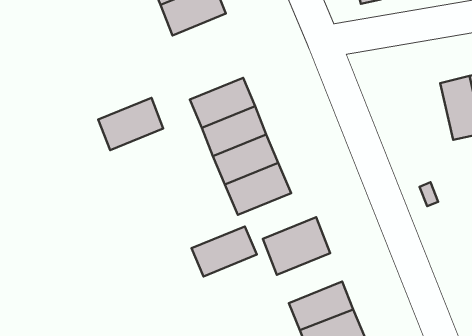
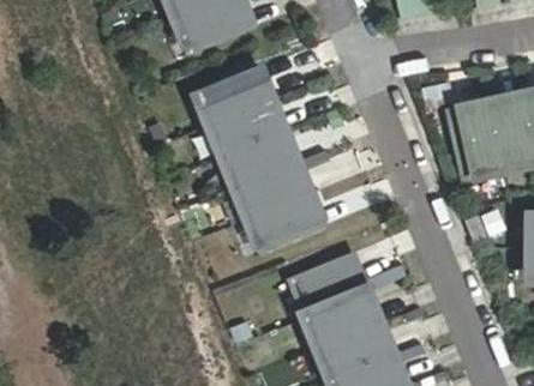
building: none -> [452,105,503,176]
building: [98,98,163,150] -> [199,66,271,123]
building: [192,226,257,276] -> [308,292,380,348]

